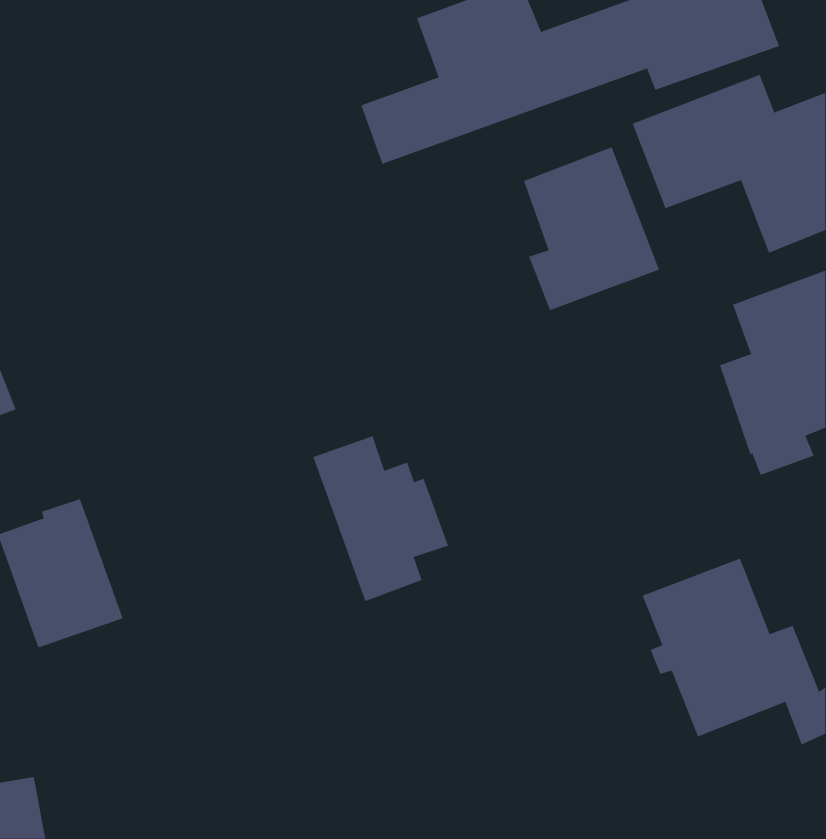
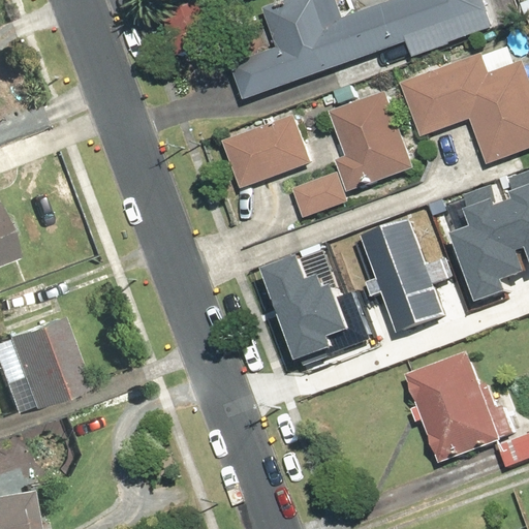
building: none -> [220,115,310,192]
building: none -> [290,172,347,219]
building: none -> [363,221,459,336]
building: [312,436,449,602] -> [263,253,349,357]

